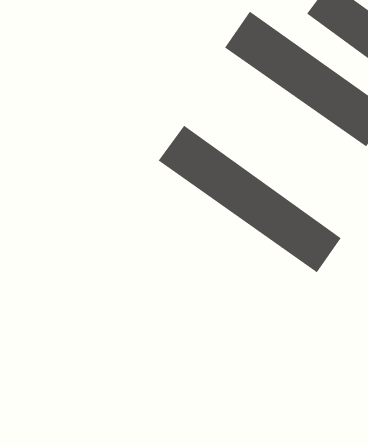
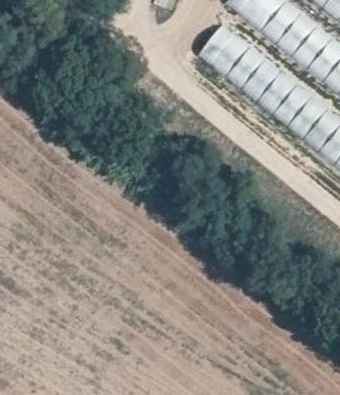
building: [158,125,342,273] -> none

